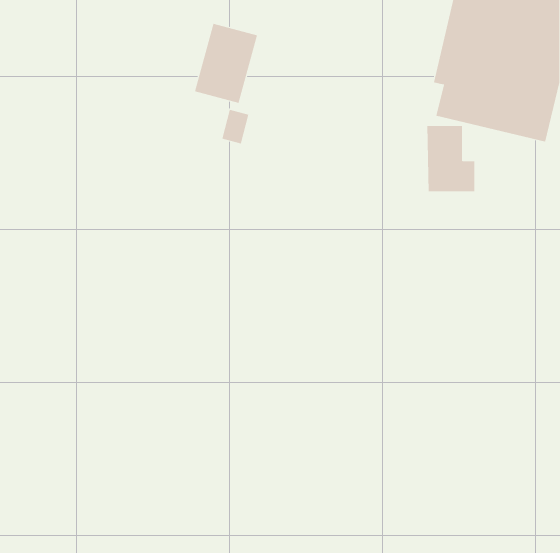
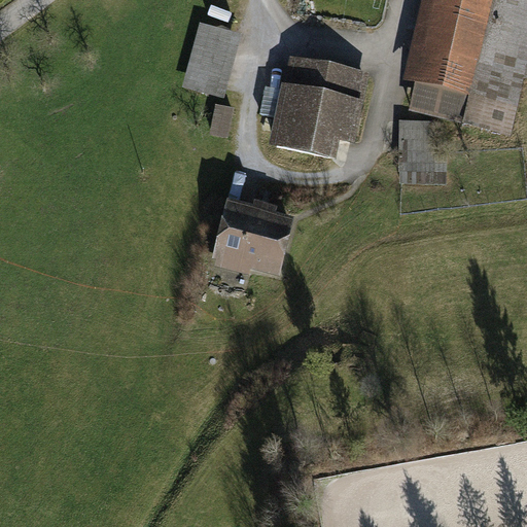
building: none -> [258,58,367,156]
building: none -> [213,197,293,275]

